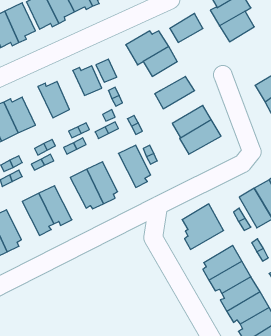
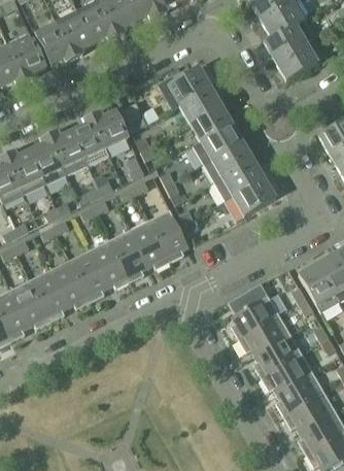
building: [170,13,203,42] -> [191,105,232,141]
building: none -> [72,116,109,165]
building: none -> [29,136,67,184]
building: none -> [204,141,253,182]
building: none -> [129,220,170,269]
building: none -> [69,249,108,302]
building: none -> [9,279,50,329]
building: none -> [238,315,290,356]

